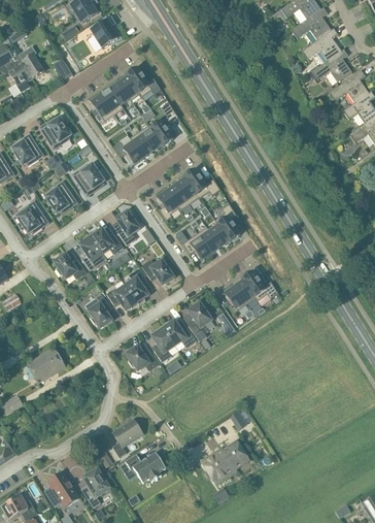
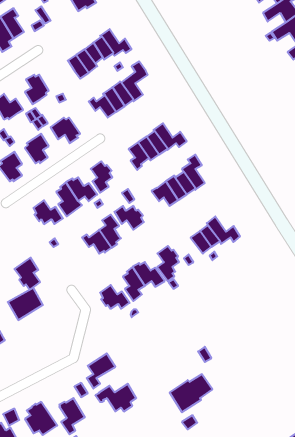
building: [83,293,111,328] -> [14,258,40,290]

